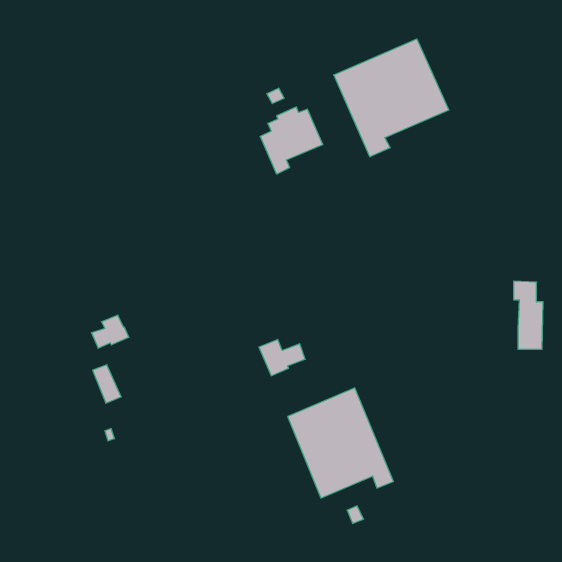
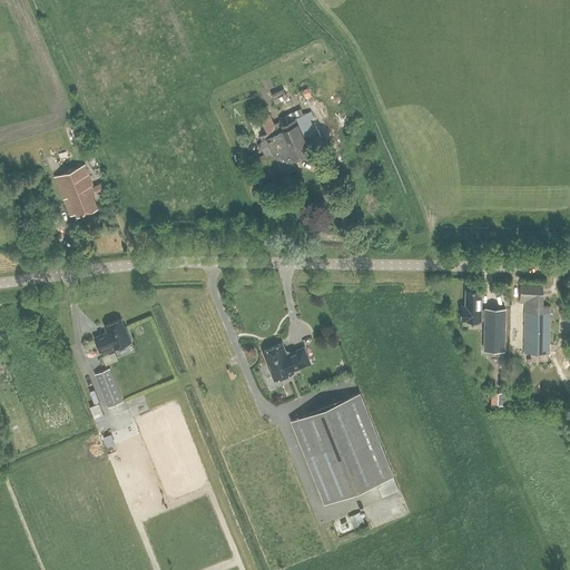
building: [334,39,449,157] -> none
building: none -> [53,167,102,220]
building: none -> [461,291,504,352]

